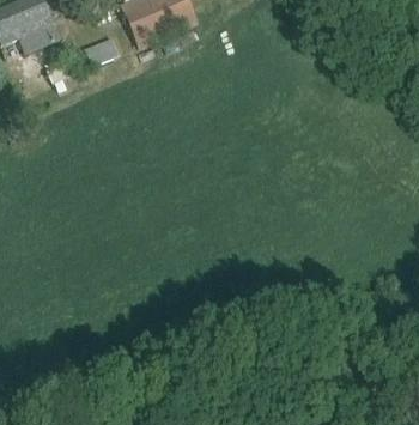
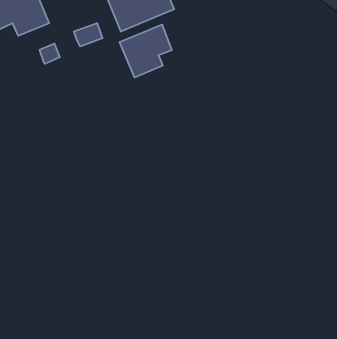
building: none -> [120,24,172,77]

